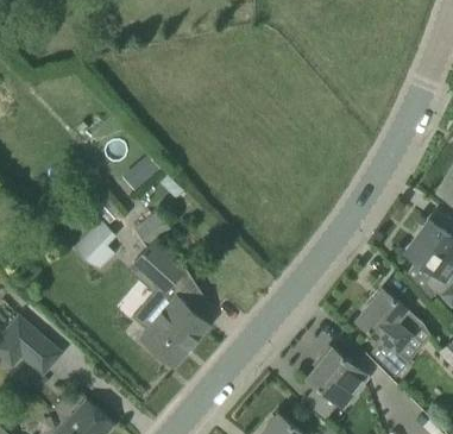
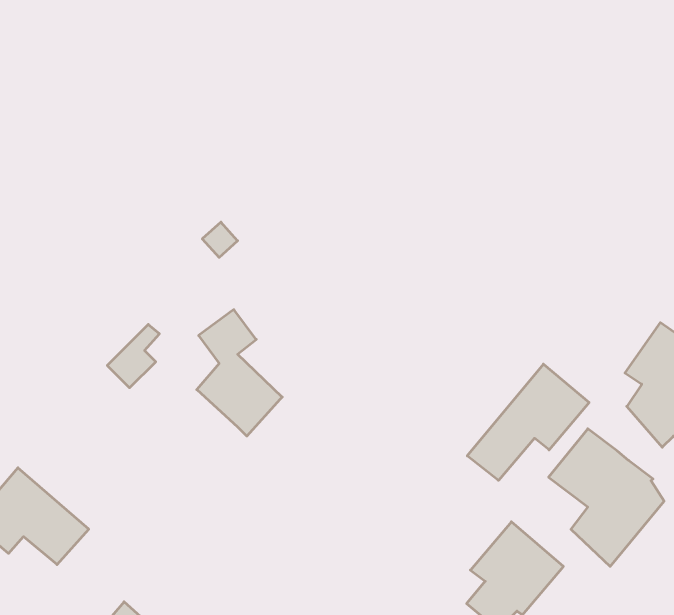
building: none -> [467,364,589,480]
building: [132,270,209,369] -> none

